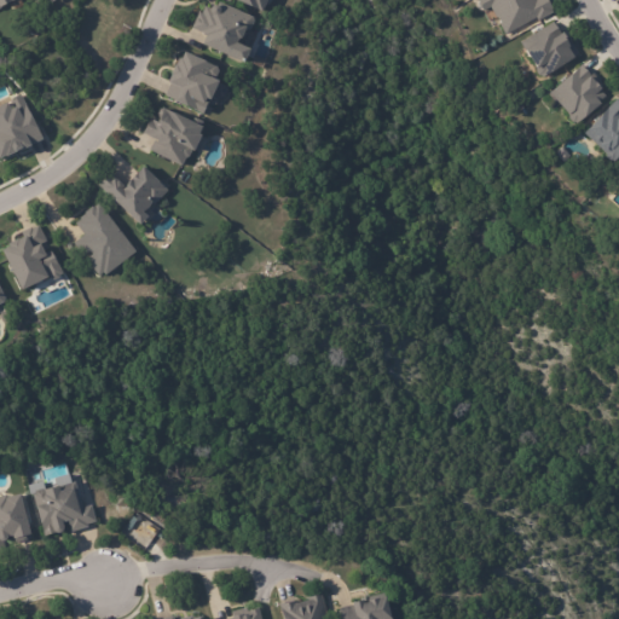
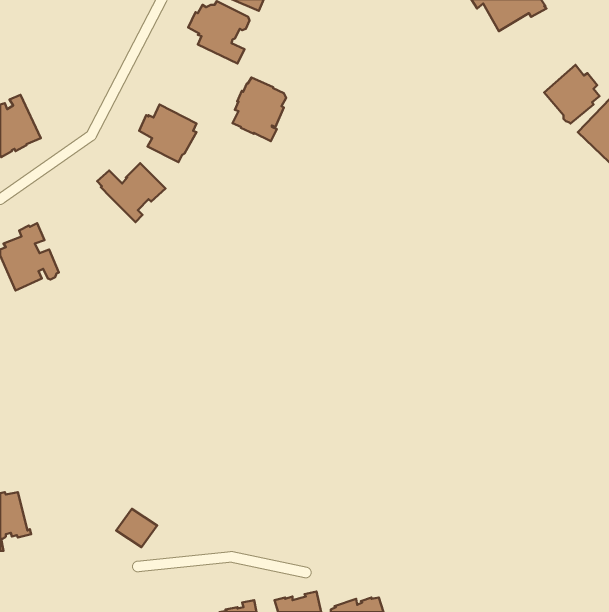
building: [521,18,579,74] -> none
building: [166,51,220,115] -> [232,78,286,141]
building: [75,202,137,278] -> none
building: [35,482,98,538] -> none

